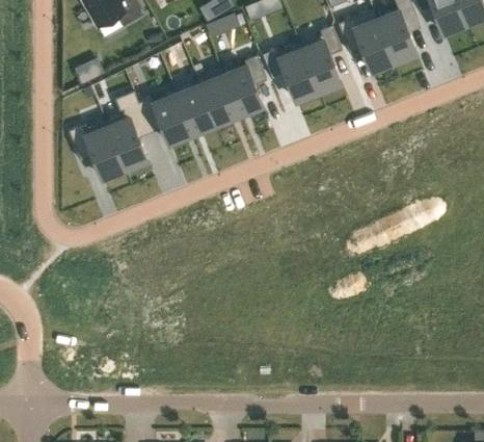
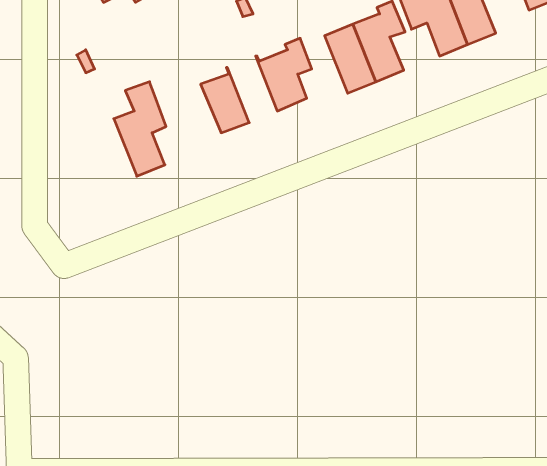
building: [198,71,239,125] -> none
building: [139,94,193,142] -> none
building: [70,122,125,178] -> none

